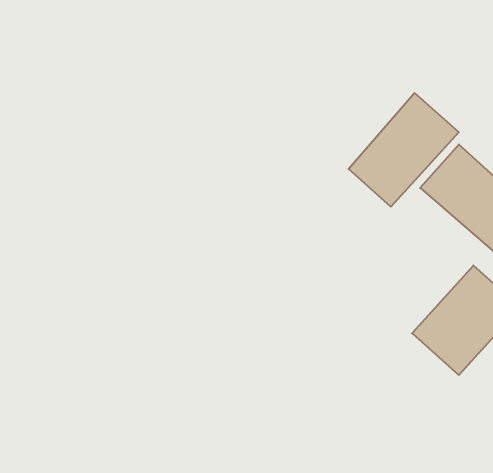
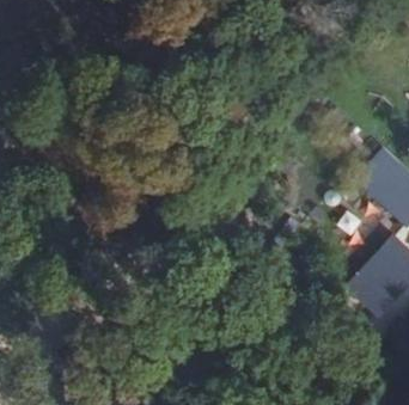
building: [348,93,459,207] -> none

